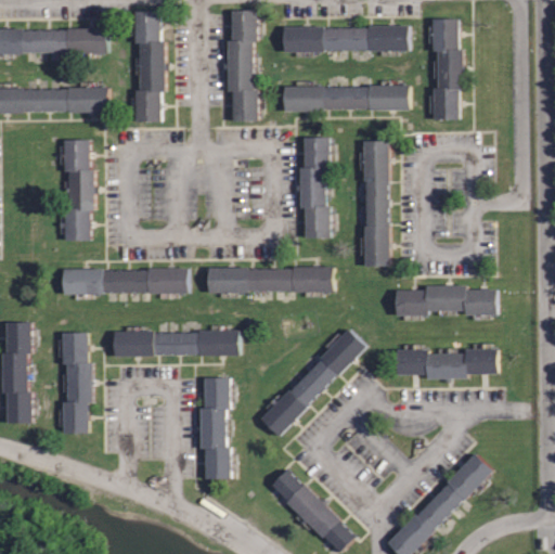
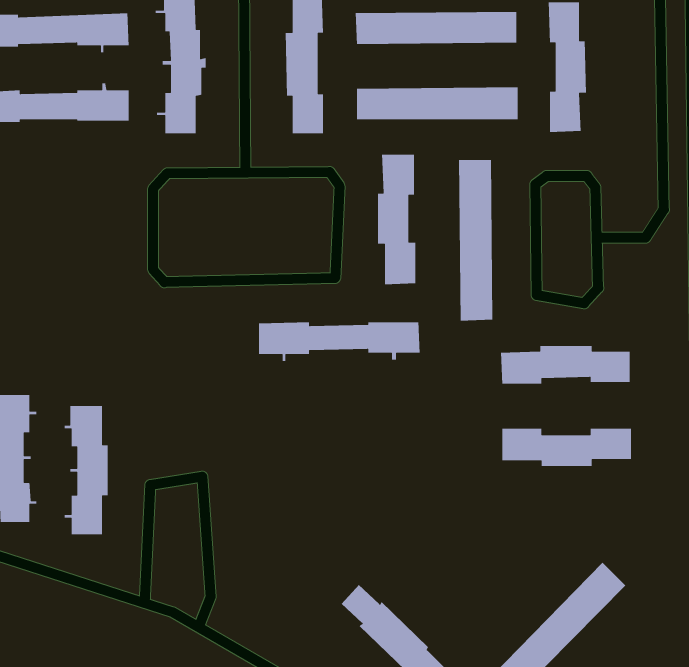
building: [59,139,93,241] -> none
building: [62,268,186,299] -> none
building: [113,325,238,357] -> none
building: [260,328,365,436] -> none
building: [195,377,234,478] -> none

